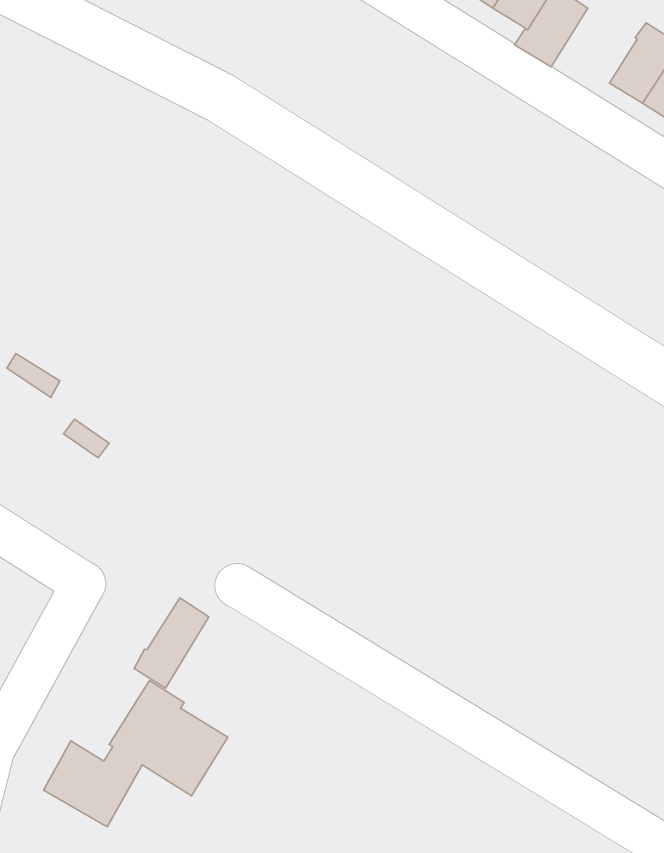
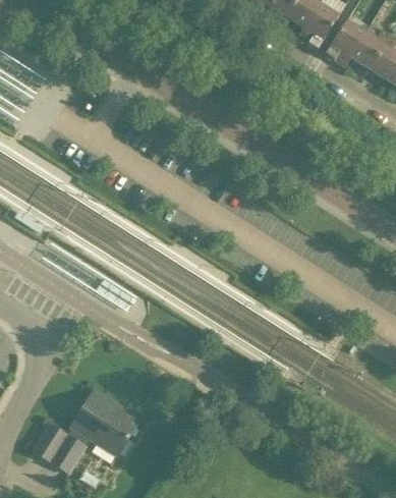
building: none -> [324,20,364,66]
building: [134,598,209,688] -> none

